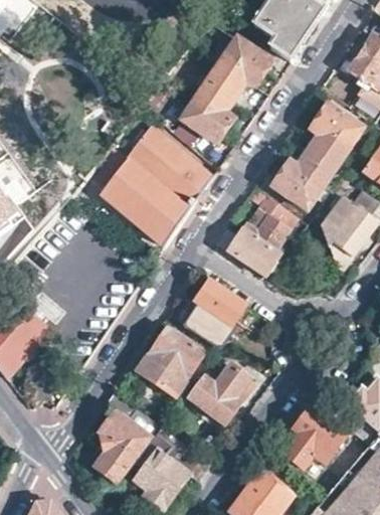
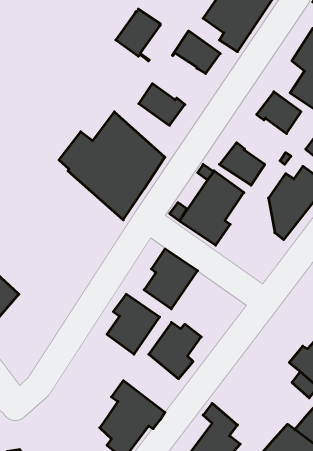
building: [195,62,244,120] -> [116,9,160,61]
building: [297,135,344,186] -> none
building: [97,390,160,481] -> none
building: [284,407,344,467] -> none

